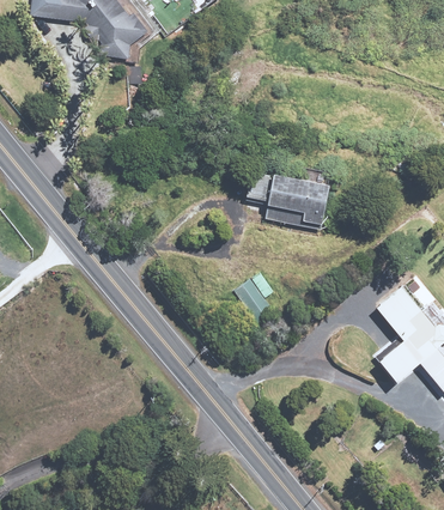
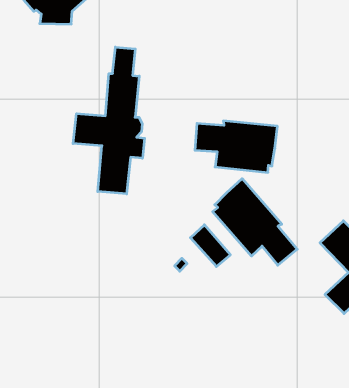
building: none -> [73,47,145,194]
building: none -> [213,179,297,265]

